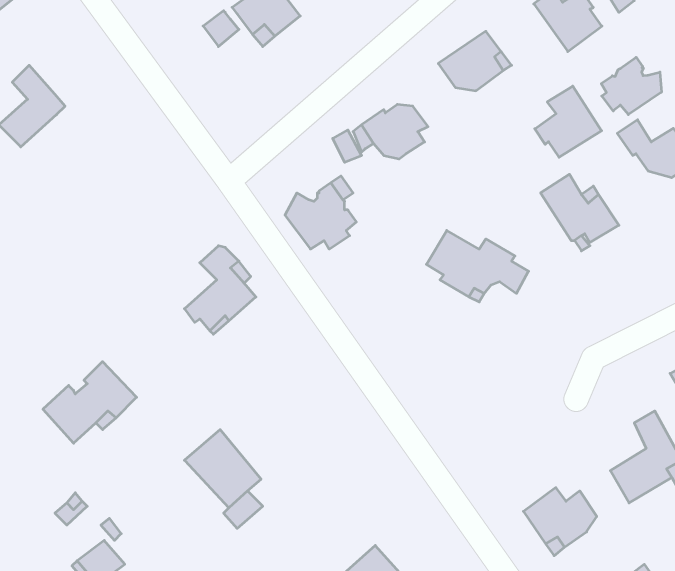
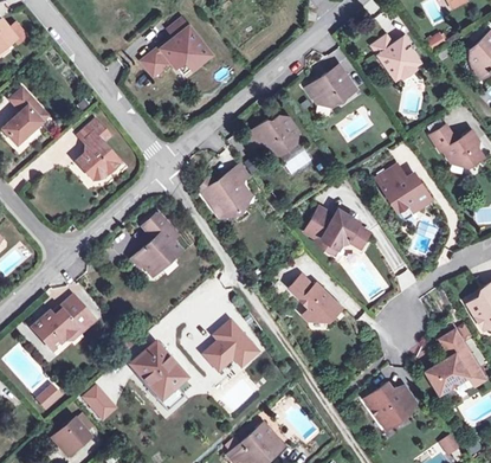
building: [601,57,661,115] -> none
building: [535,86,602,157] -> none
building: none -> [76,121,119,180]
building: none -> [289,276,341,322]
building: none -> [206,322,259,371]
building: none -> [83,382,118,419]

